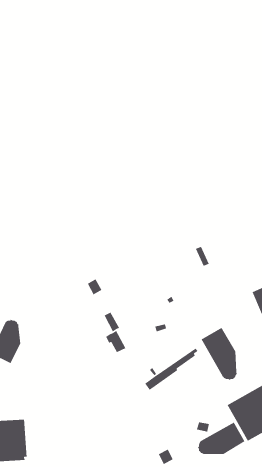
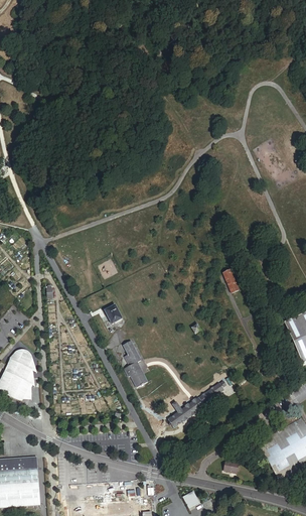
building: [201,327,237,381] -> none
building: [197,421,246,455] -> none

